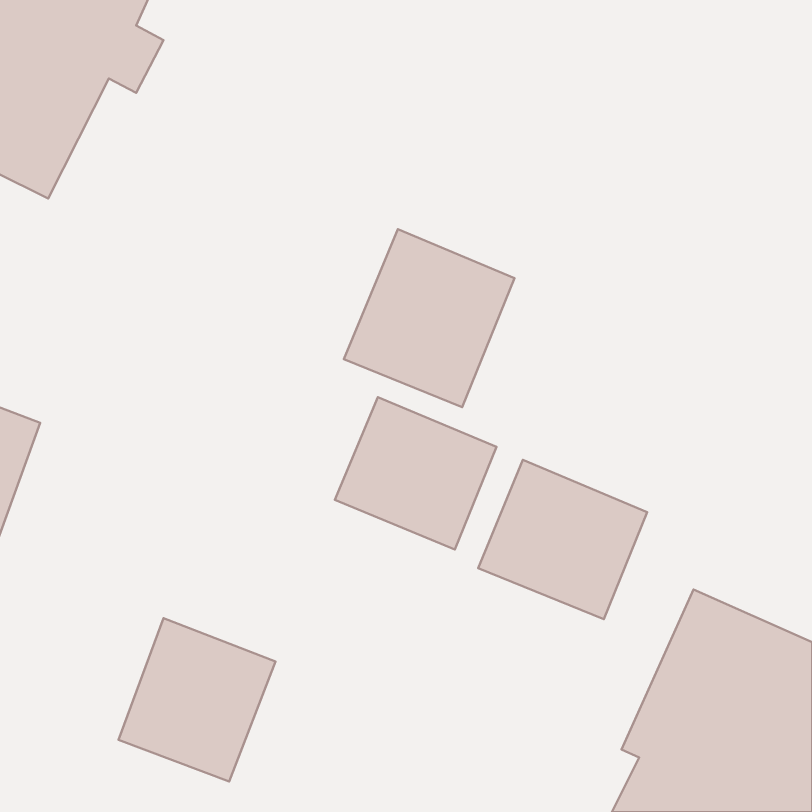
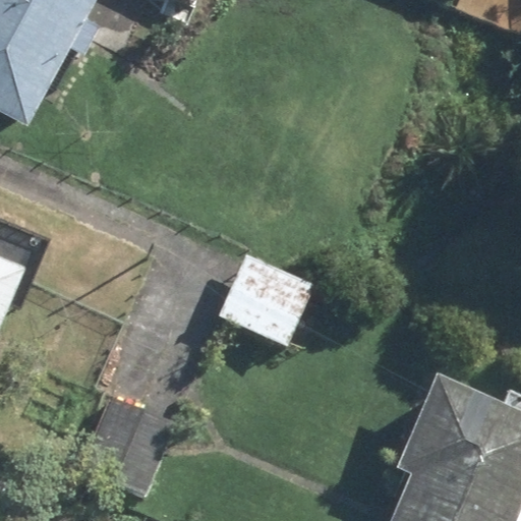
building: [344,229,515,407] -> none
building: [478,460,647,619] -> none

